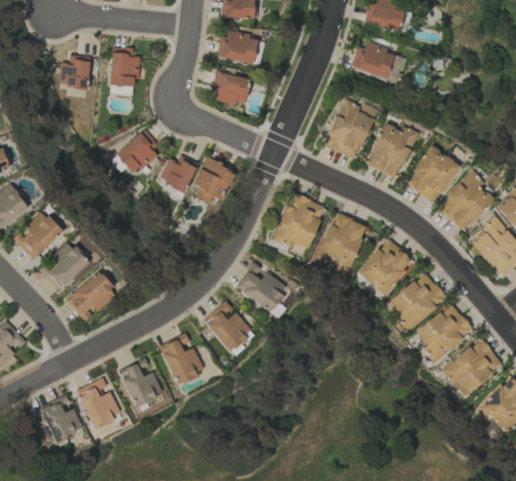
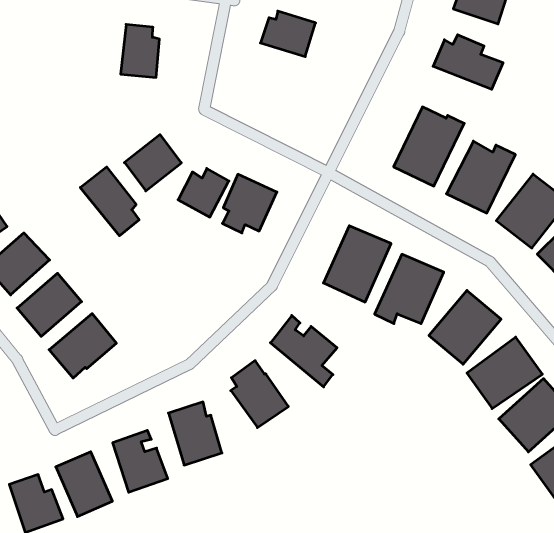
building: [59,56,89,88] -> none
building: [212,71,250,107] -> none
building: none -> [80,167,139,236]

